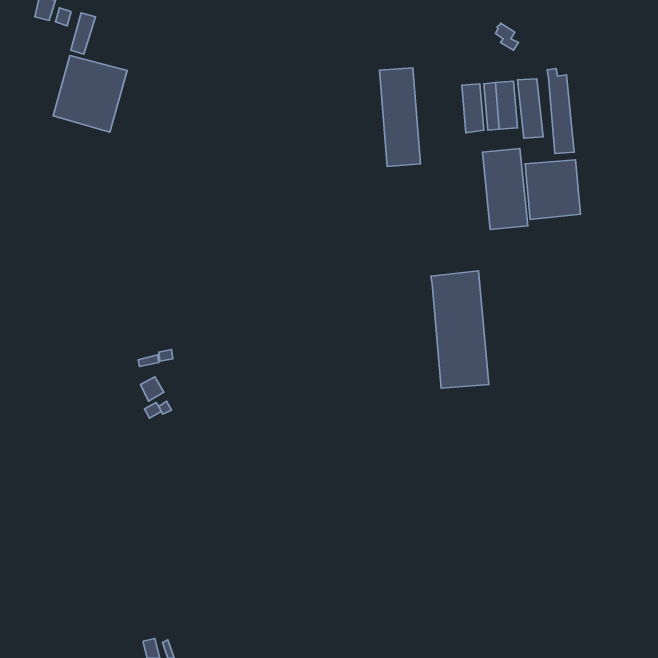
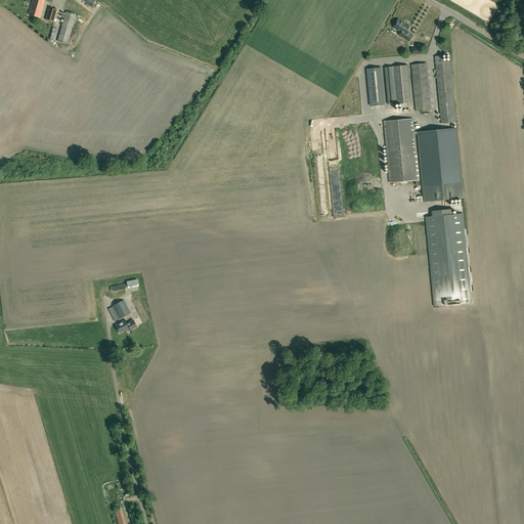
building: [53,56,127,132] -> none
building: [379,68,421,166] -> none
building: none -> [421,170,464,202]
building: [431,271,489,388] -> [425,212,471,305]

